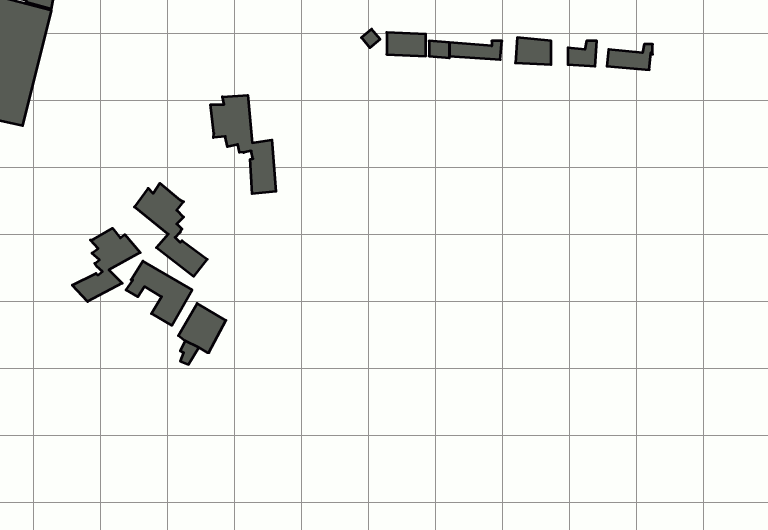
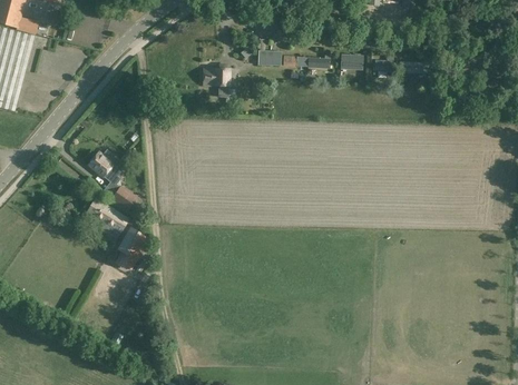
building: none -> [203,65,228,97]
building: [211,95,276,194] -> none
building: [72,228,140,302] -> none

